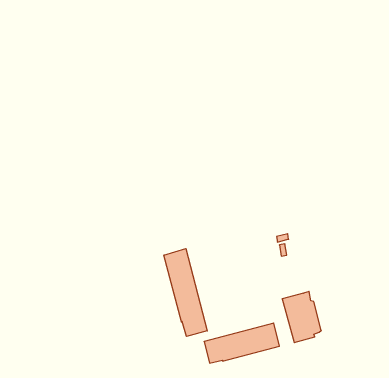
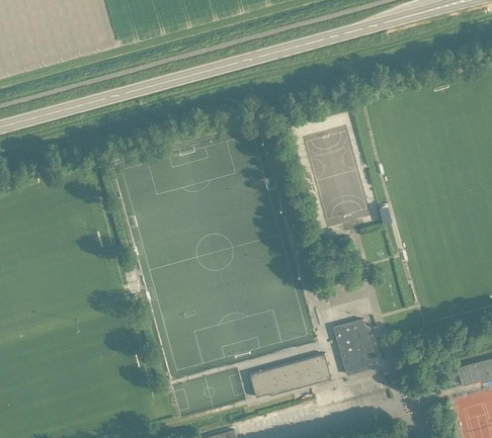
building: [164,249,207,336] -> none

